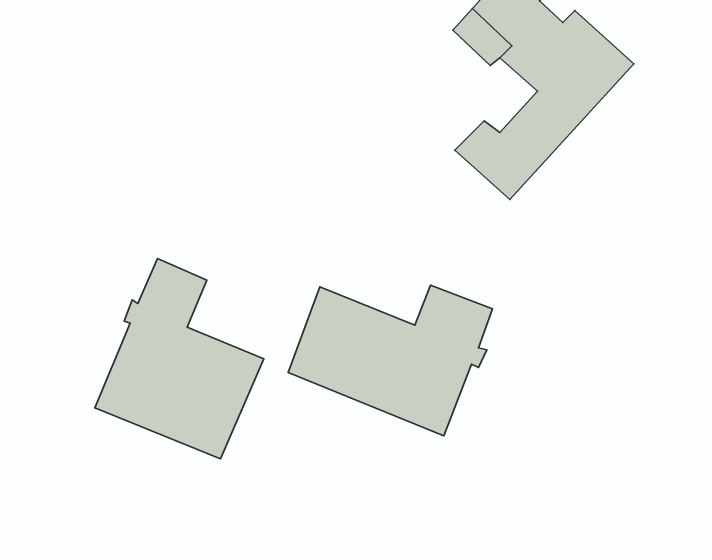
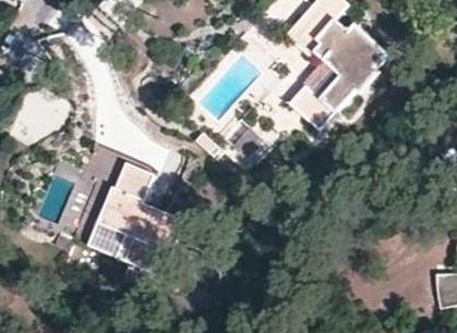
building: [288,285,493,436] -> none

